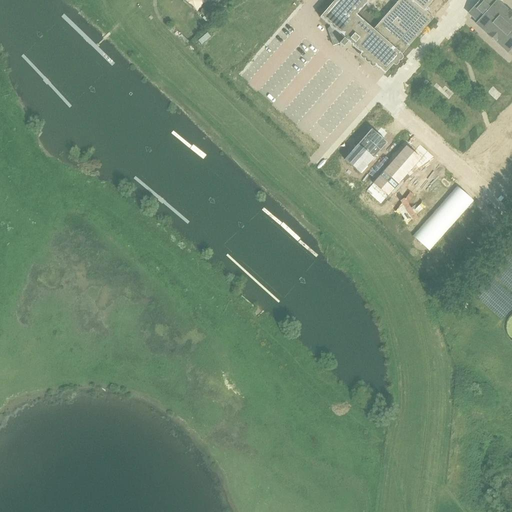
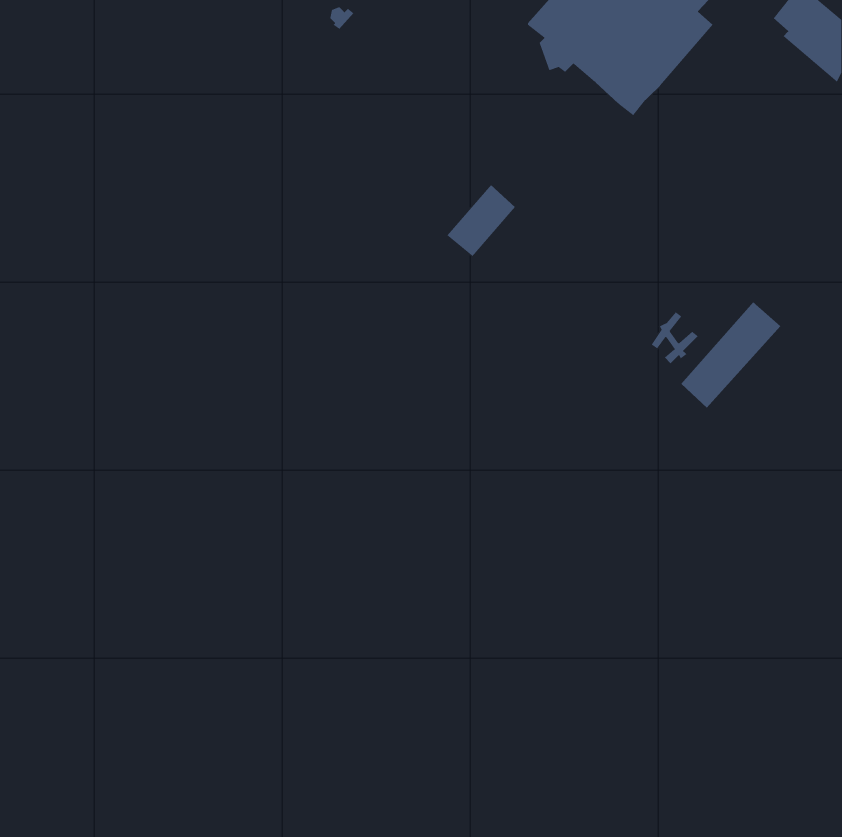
building: [344,126,386,170] -> [446,184,516,257]
building: [372,142,421,193] -> none

